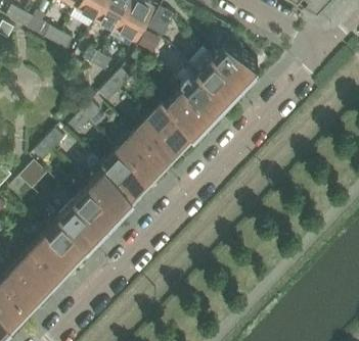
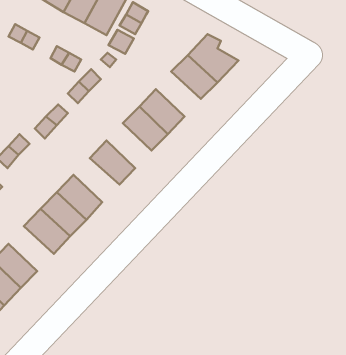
building: [181,74,223,115] -> none
building: [135,121,177,163] -> none
building: [104,154,147,195] -> none
building: [44,217,86,259] -> none

